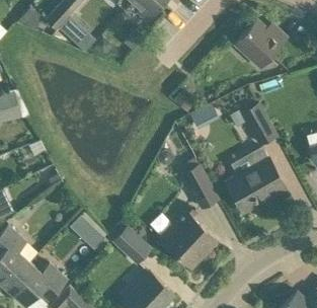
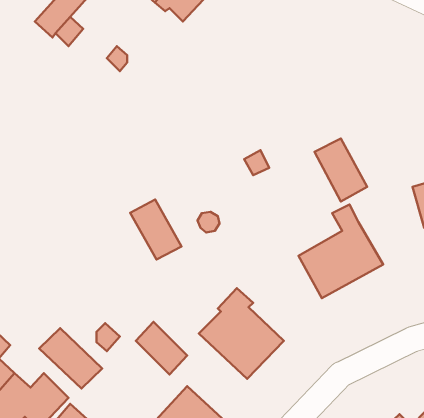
building: [235,21,288,68] -> none
building: [182,166,218,208] -> [130,200,181,260]
building: none -> [39,328,102,389]

